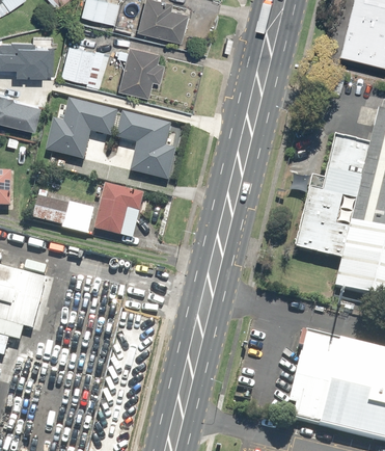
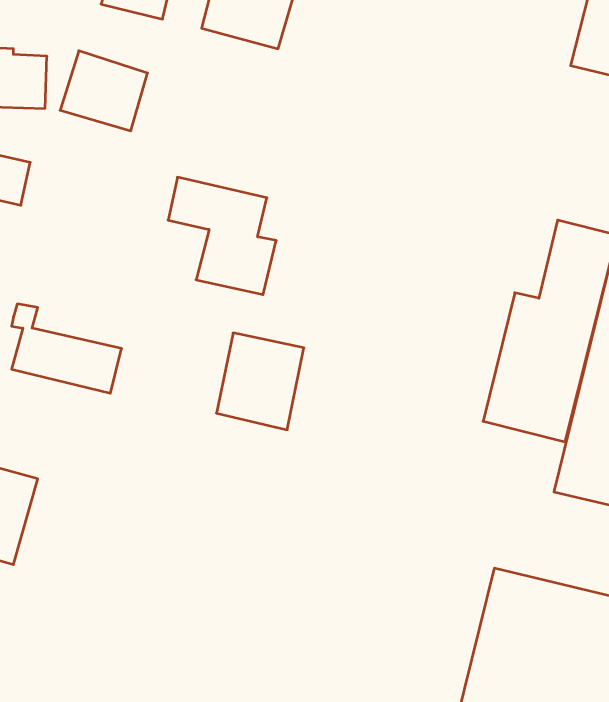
building: [117,44,165,96] -> none
building: [46,100,118,158] -> none
building: [95,184,144,238] -> [216,333,304,430]

